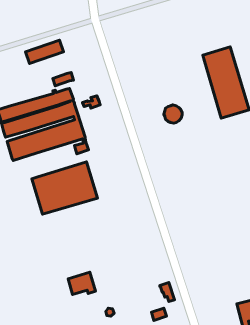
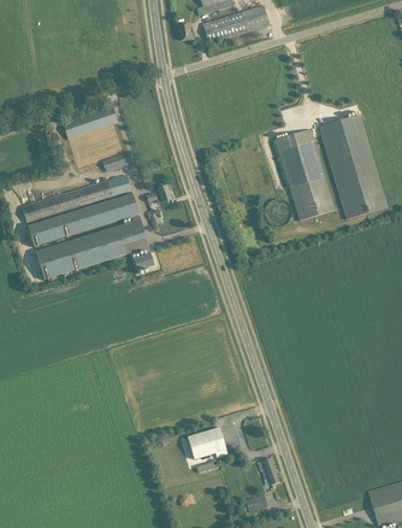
building: none -> [274,129,333,221]
building: [32,162,97,214] -> none
building: [68,272,96,294] -> [187,427,226,459]

